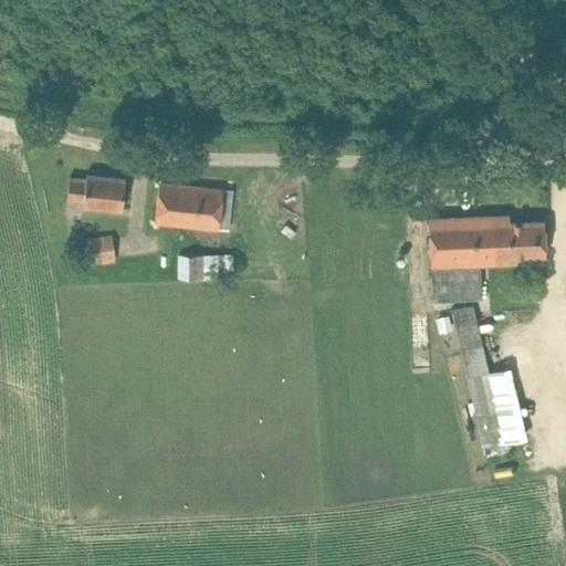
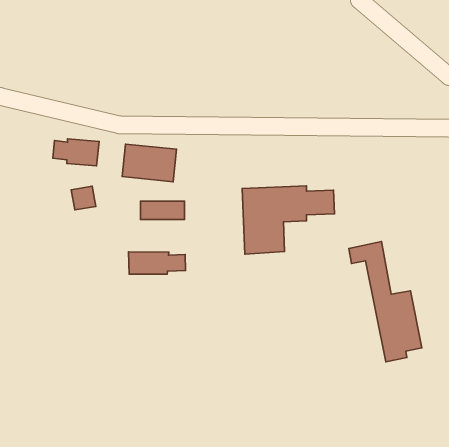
building: [428,218,544,304] -> [242,186,335,254]
building: none -> [128,252,186,274]

